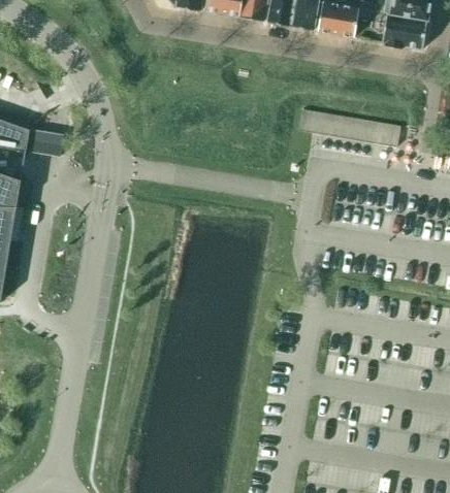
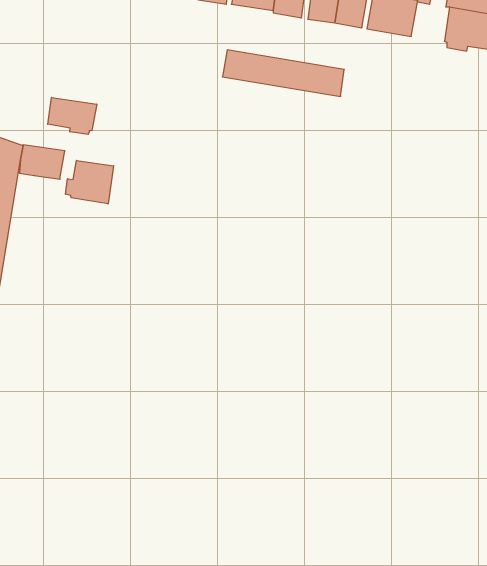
building: none -> [48,97,97,134]
building: [297,107,399,146] -> [222,50,344,96]
building: none -> [66,160,114,204]

